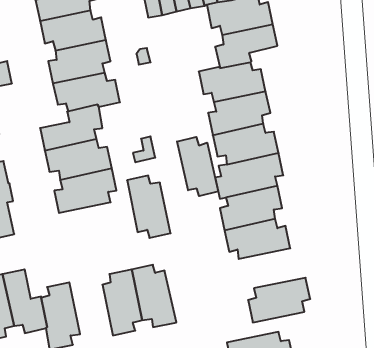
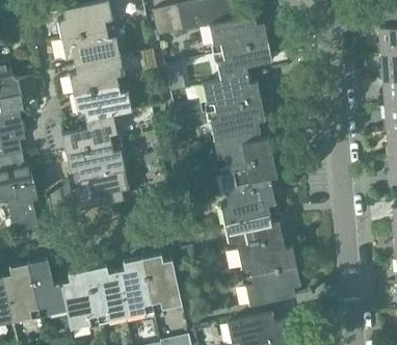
building: [177,137,218,196] -> none
building: [127,176,171,238] -> [87,267,126,322]
building: none -> [237,241,296,276]

